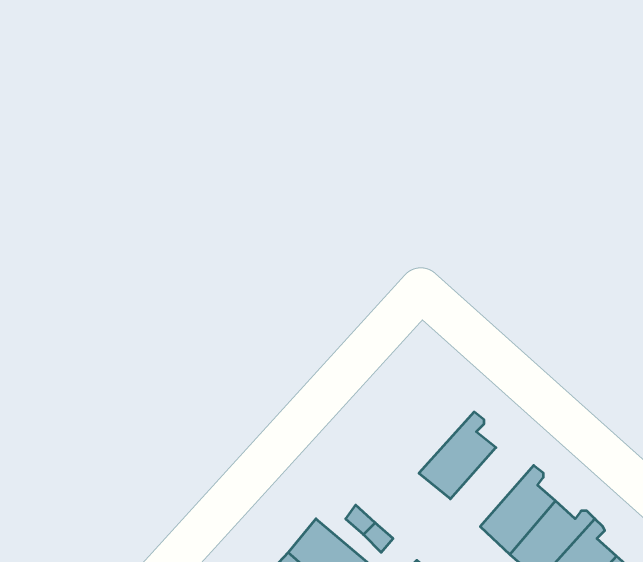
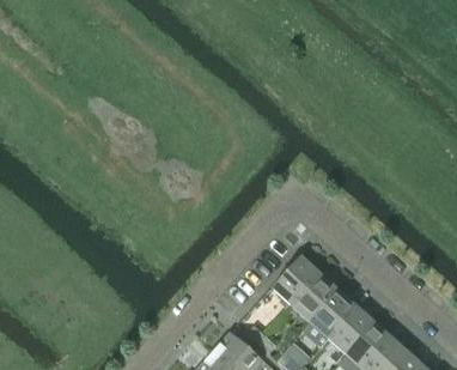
building: none -> [273,257,324,308]
building: none -> [301,290,360,346]

